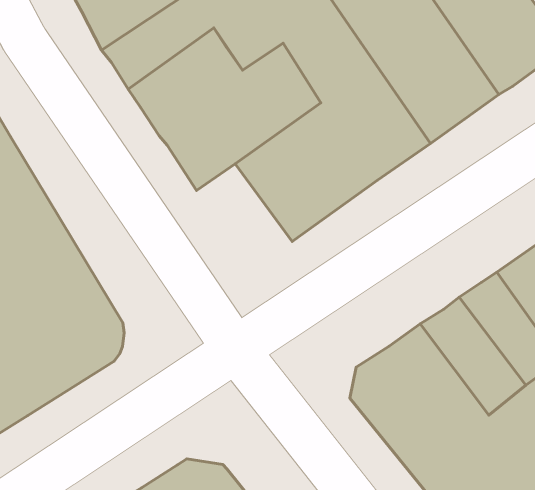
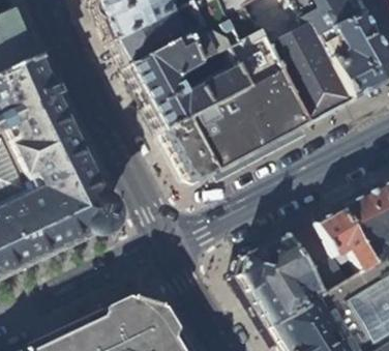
building: none -> [161,120,216,181]

